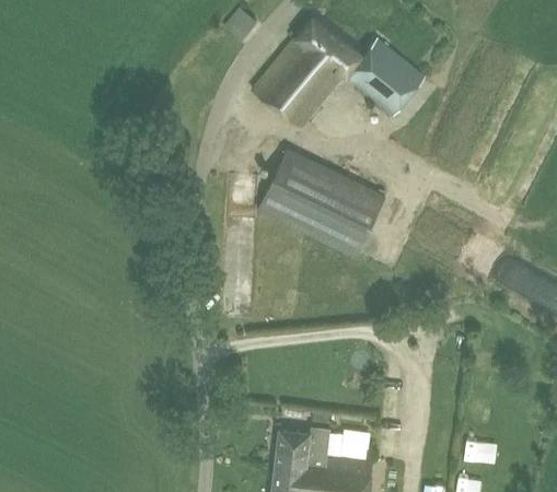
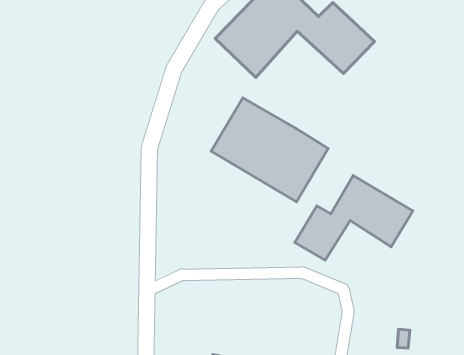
building: none -> [295,175,413,260]

